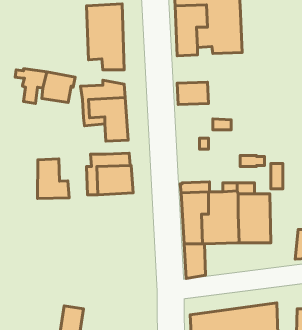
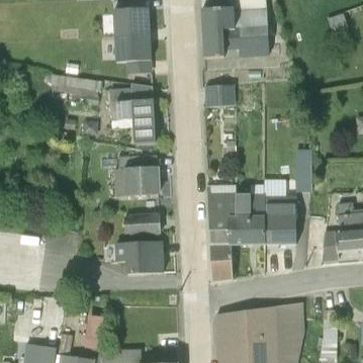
building: [38,159,69,199] -> none
building: none -> [122,212,160,236]
building: none -> [114,242,163,274]

